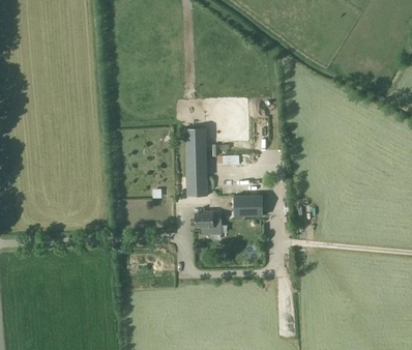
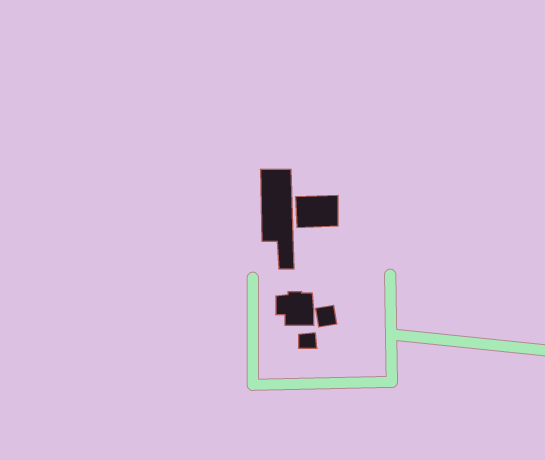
building: [234,195,263,216] -> [295,195,338,227]

